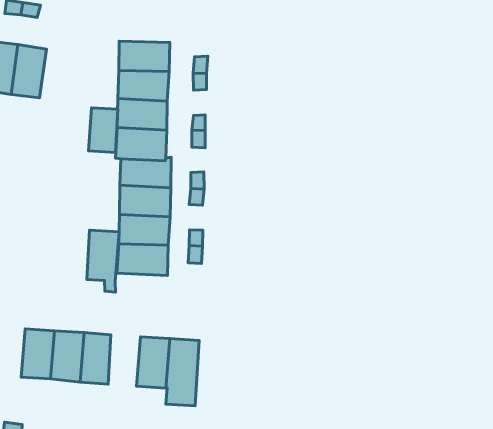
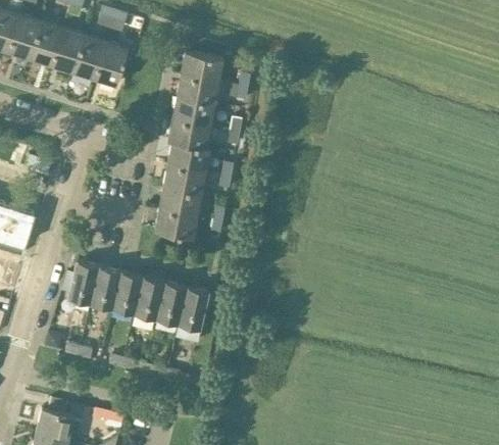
building: [88,108,118,152] -> none
building: [87,230,119,292] -> [134,278,164,329]

